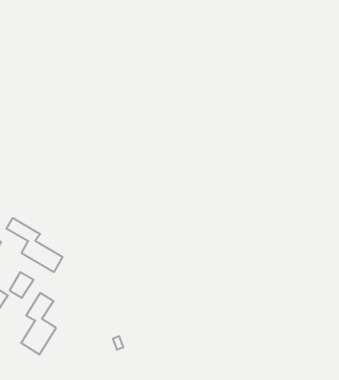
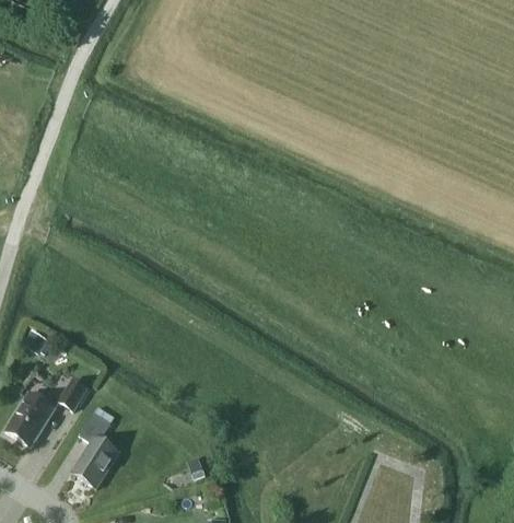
building: [6,218,63,272] -> none

